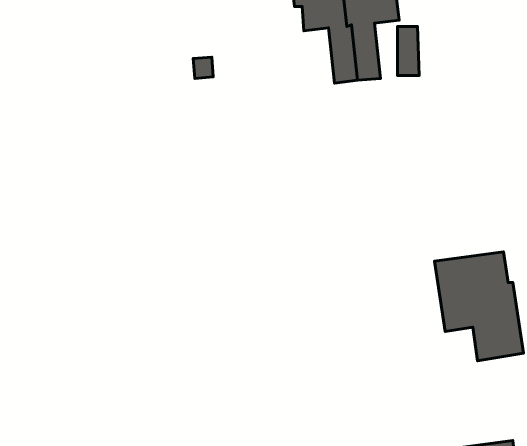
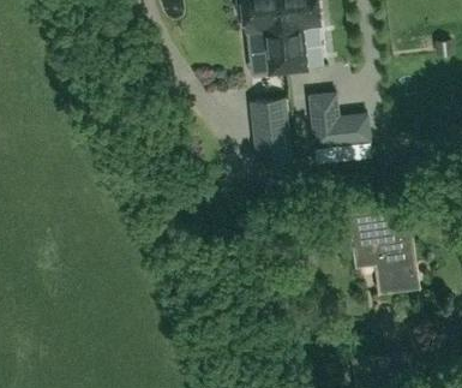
building: none -> [310,95,370,148]
building: none -> [250,101,292,165]

